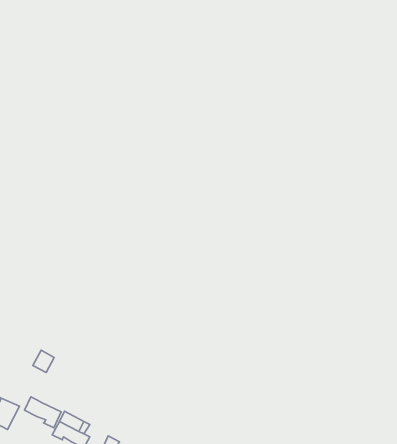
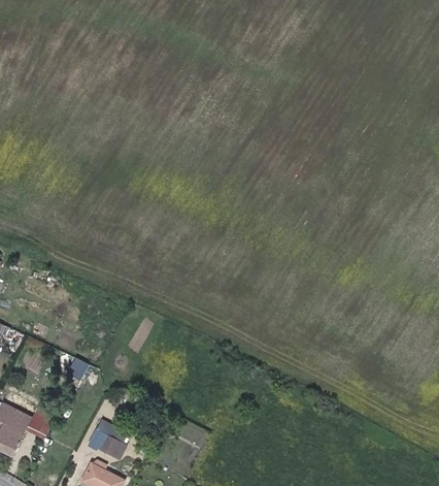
building: [25,397,61,428] -> none

